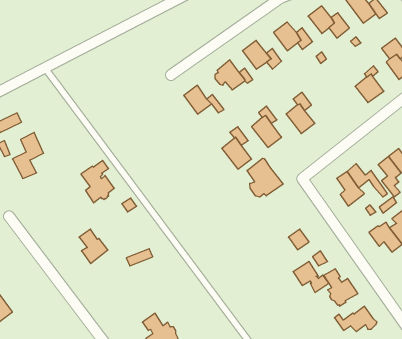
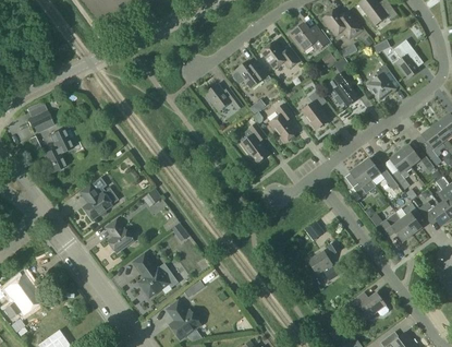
building: none -> [334,70,358,106]
building: [247,158,283,197] -> none
building: [81,160,114,203] -> [80,179,111,219]
building: none -> [133,253,172,298]
building: [324,269,358,306] -> none

